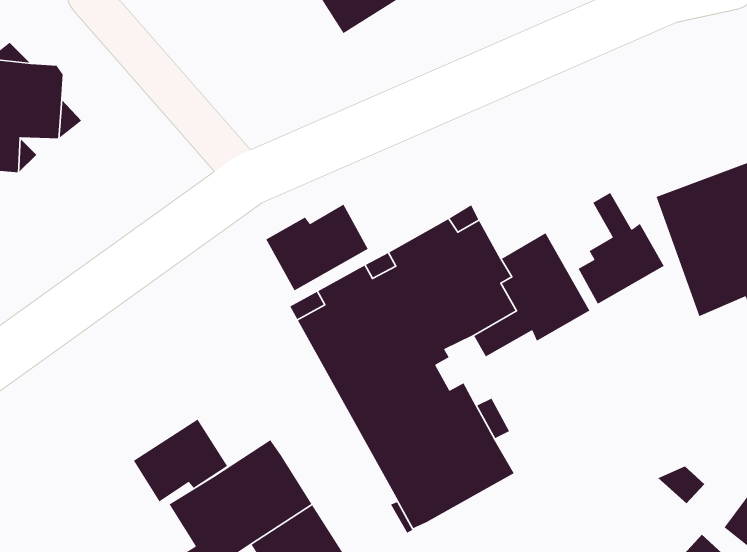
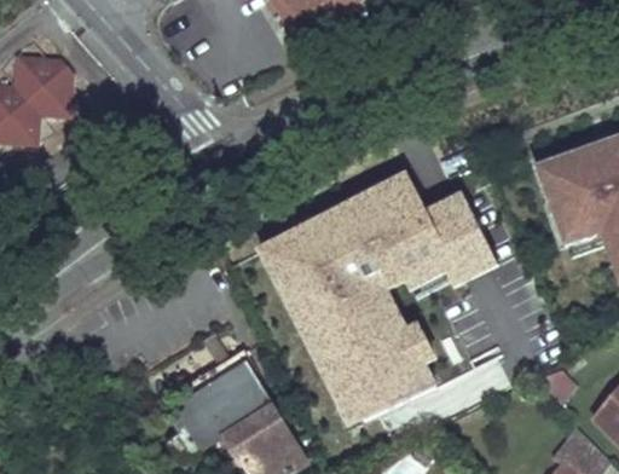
building: [577,192,665,305] -> none
building: [265,203,369,291] -> none
building: [133,418,228,502] -> none

